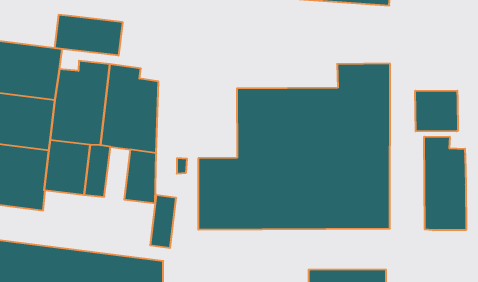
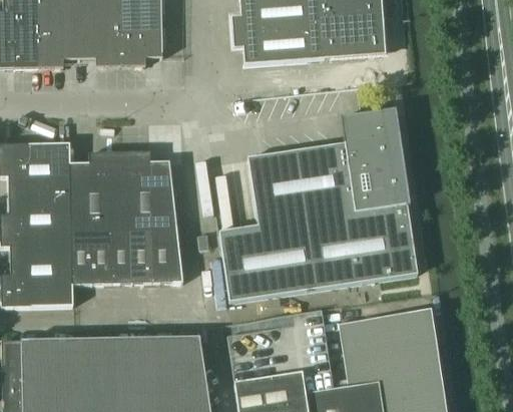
building: [55,15,122,56] -> none
building: [415,91,458,131] -> none
building: [424,137,466,230] -> none
building: [150,195,176,248] -> [131,233,152,283]

